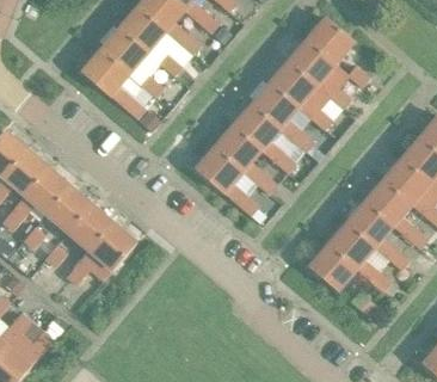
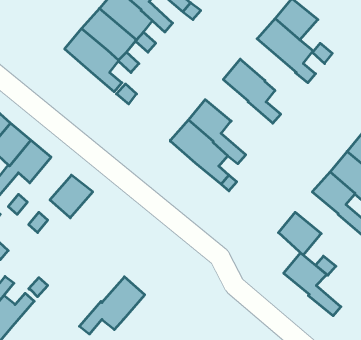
building: [270,60,331,128] -> none
building: [233,103,304,171] -> none
building: [47,185,91,230] -> none
building: [66,222,135,283] -> [79,277,145,334]
building: [328,222,389,289] -> [284,253,341,316]

